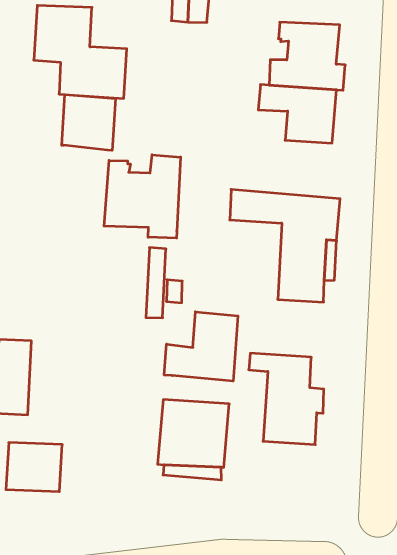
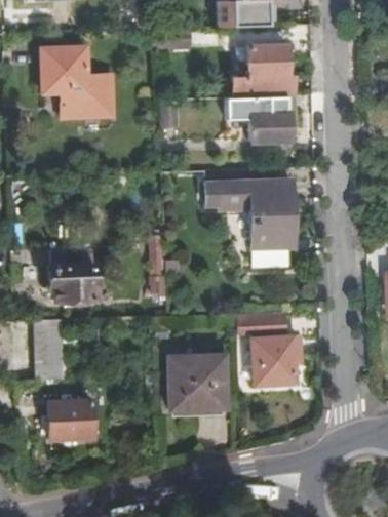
building: [62,95,115,150] -> none
building: [104,155,181,238] -> none
building: none -> [47,245,96,297]
building: [164,312,238,381] -> none

